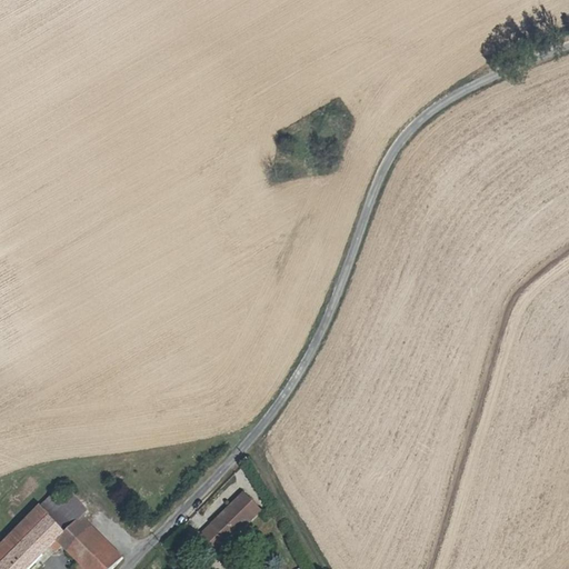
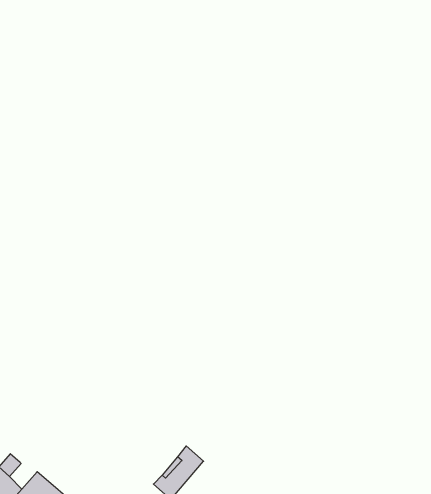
building: [48,493,84,531] -> none

